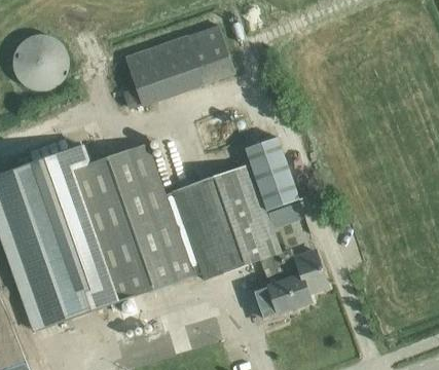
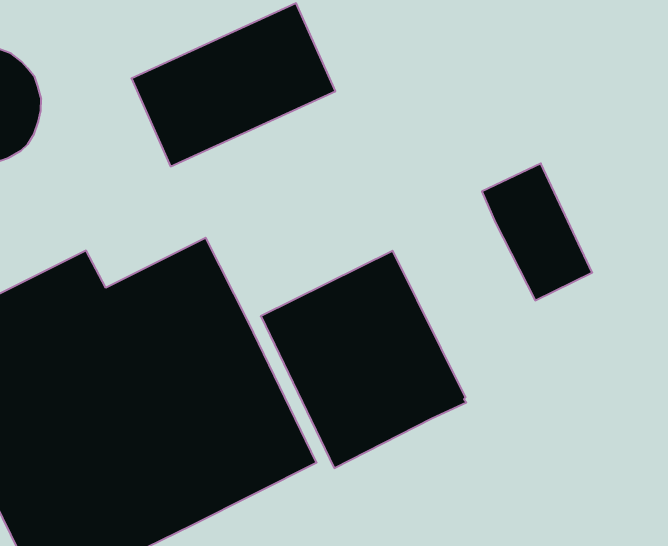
building: [245,137,299,211] -> [482,163,592,300]
building: [260,249,328,312] -> none

